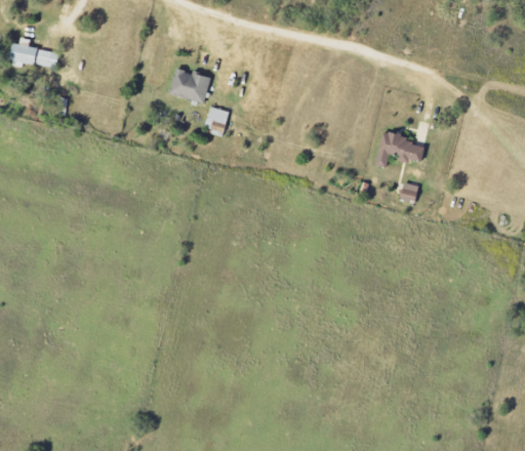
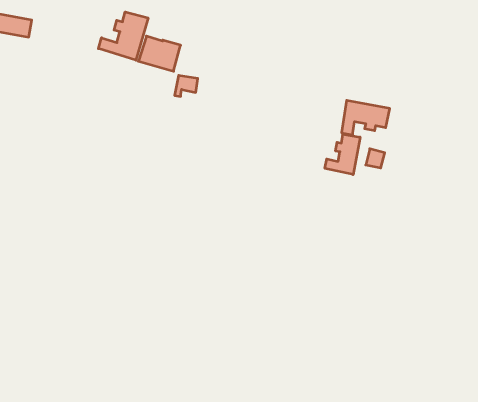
building: none -> [98,12,148,60]
building: none -> [325,134,360,175]

